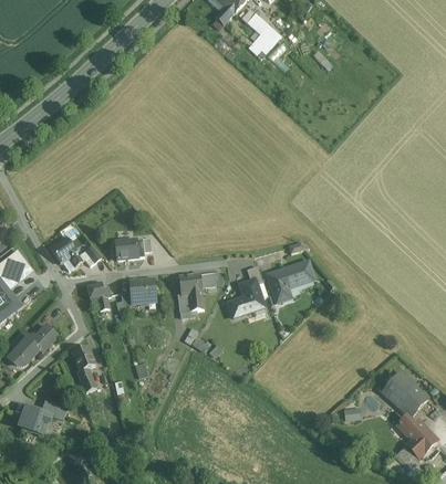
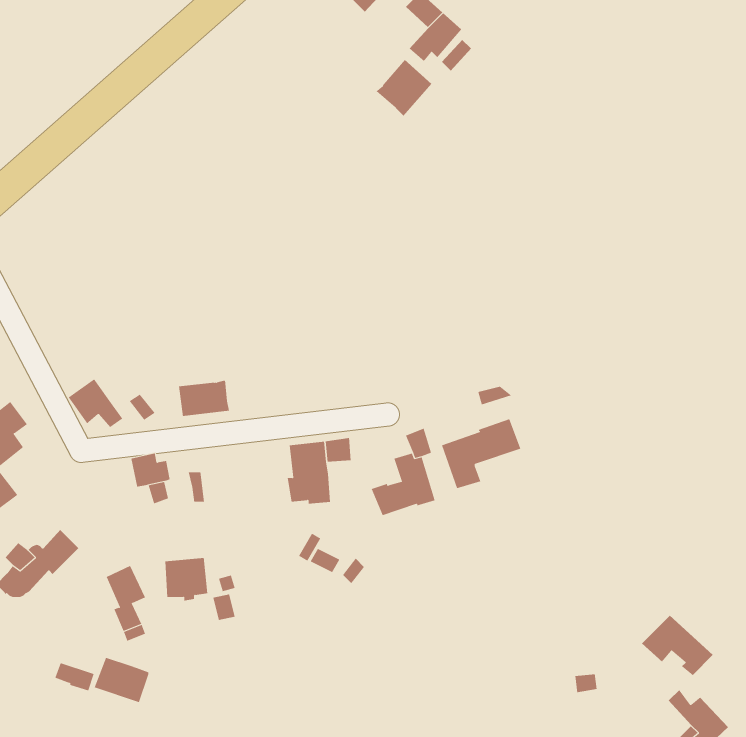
building: none -> [376,59,432,116]
building: [131,280,156,305] -> [164,557,208,601]
building: [20,406,52,432] -> [94,657,149,703]

